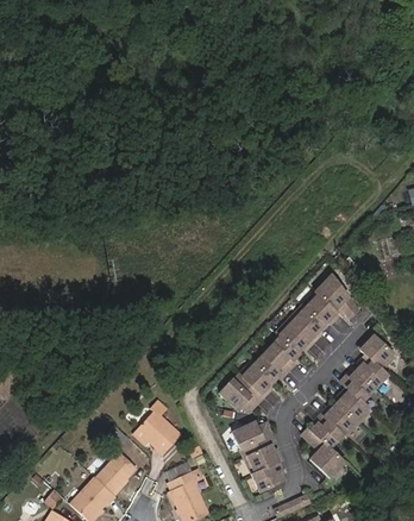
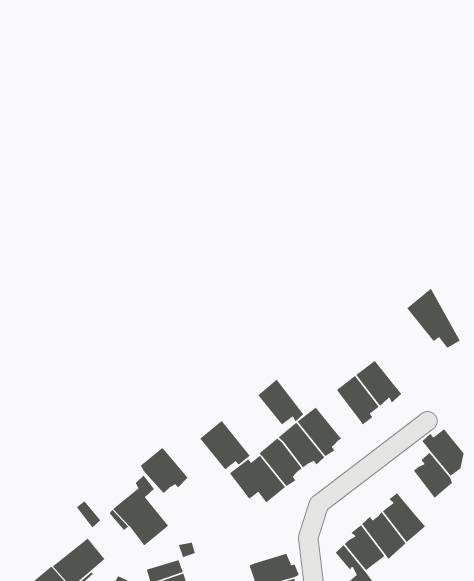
building: [316,274,360,318] -> [406,287,461,349]
building: [277,318,314,352] -> [257,379,304,426]
building: none -> [199,420,251,471]
building: [340,370,375,402] -> none
building: none -> [139,447,188,494]
building: [232,421,275,454] -> none

